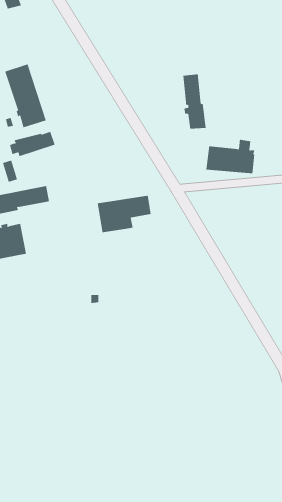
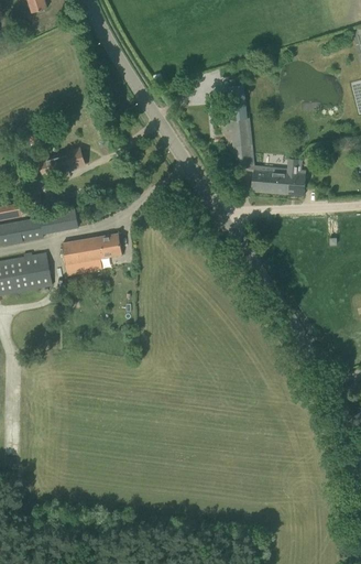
building: [5,64,46,128] -> none
building: [97,195,151,233] -> [62,234,122,275]

